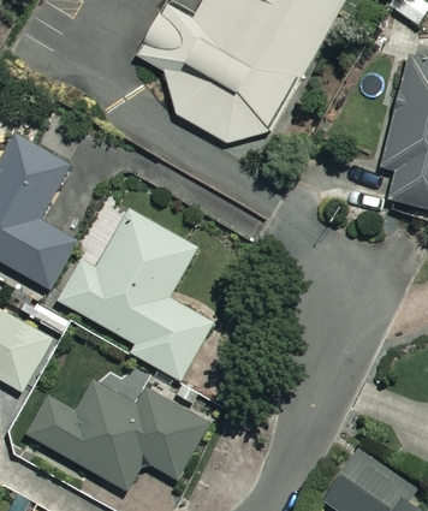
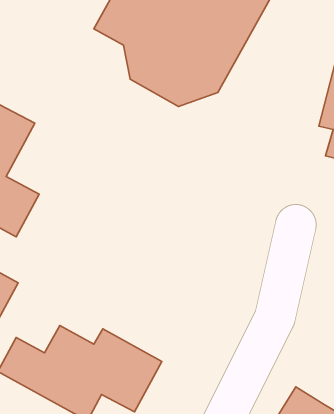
building: [59,210,212,380] -> none

